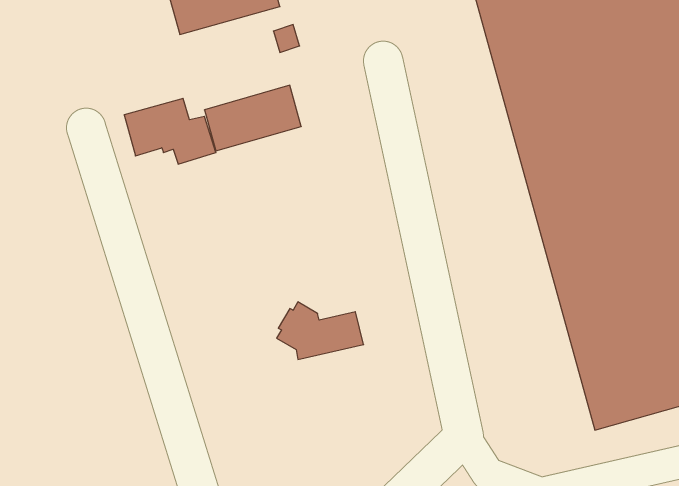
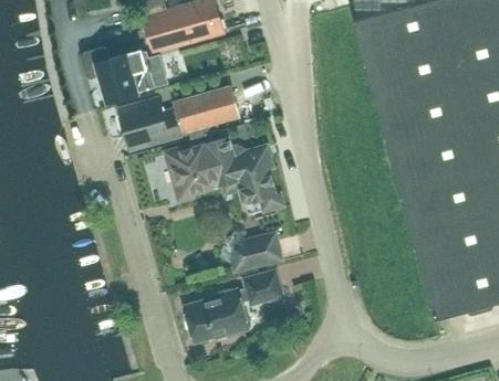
building: none -> [82,46,164,100]
building: none -> [162,137,287,212]
building: none -> [185,272,281,341]

